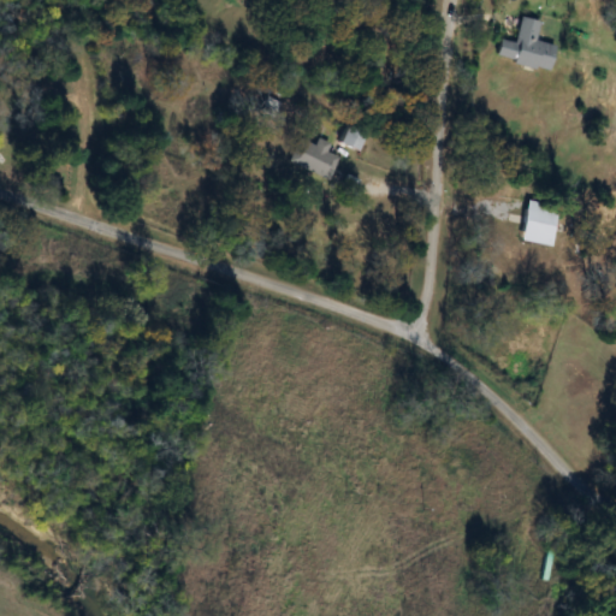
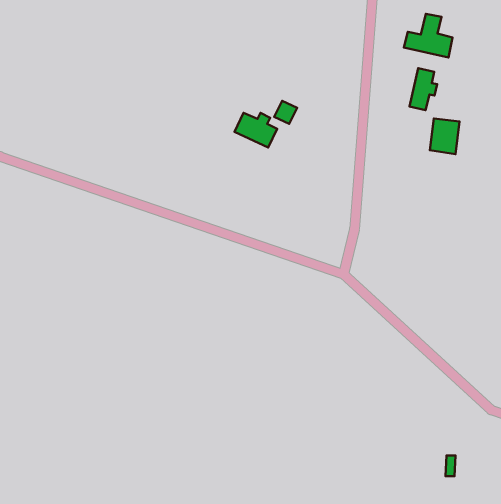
building: none -> [410,68,437,110]
building: [521,203,557,247] -> [430,119,460,154]

